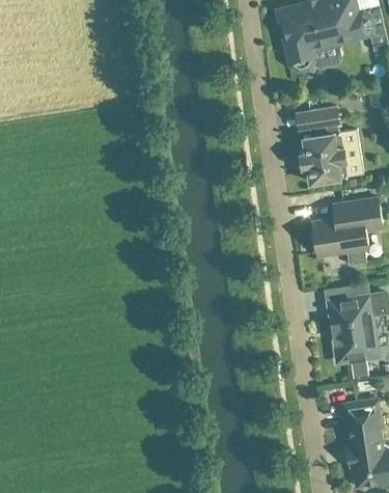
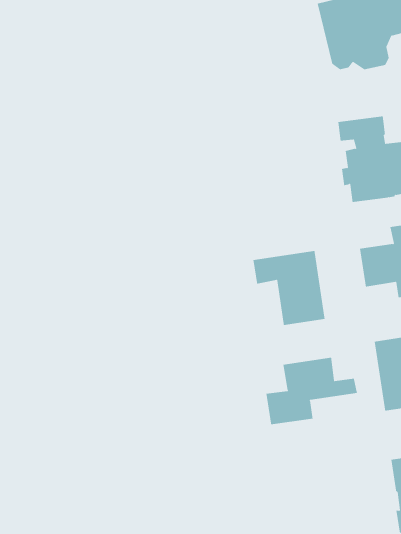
building: none -> [253,250,325,326]
building: none -> [266,357,358,425]

